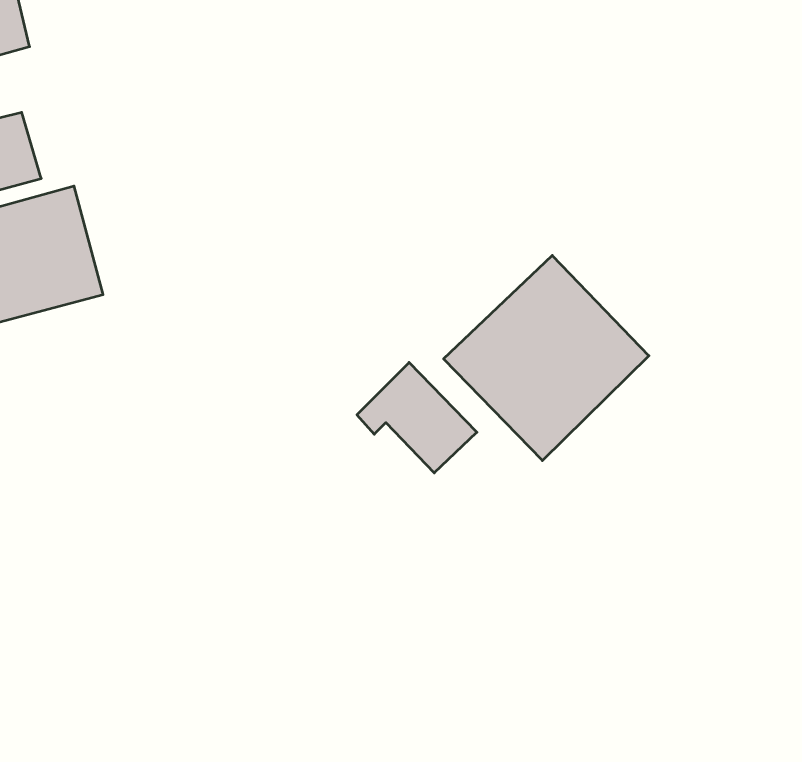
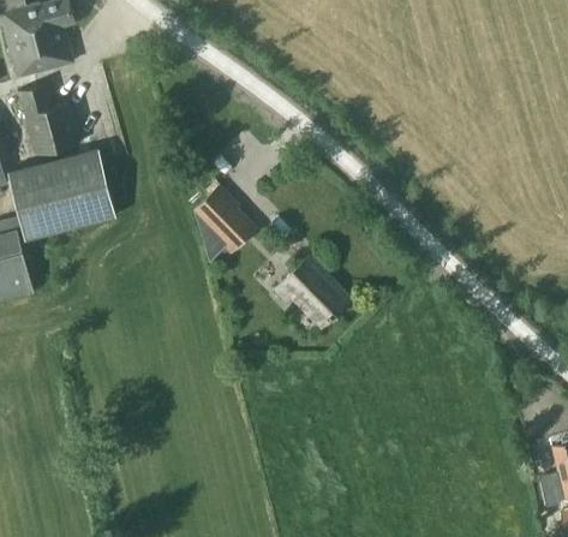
building: none -> [192,185,255,259]
building: [444,255,649,461] -> none

